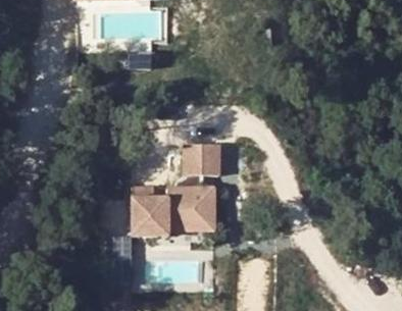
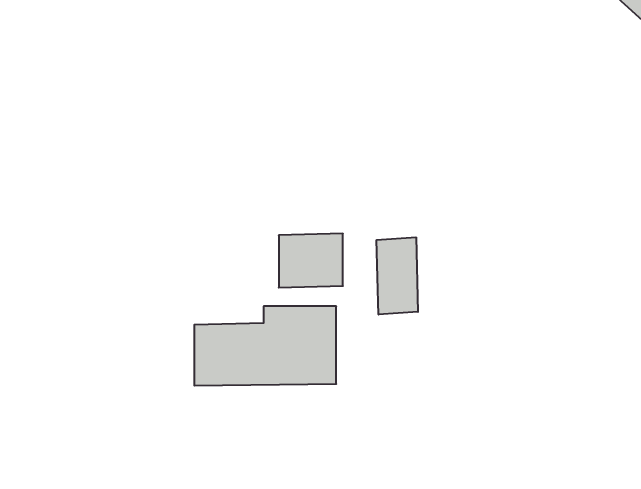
building: none -> [377,237,418,315]

